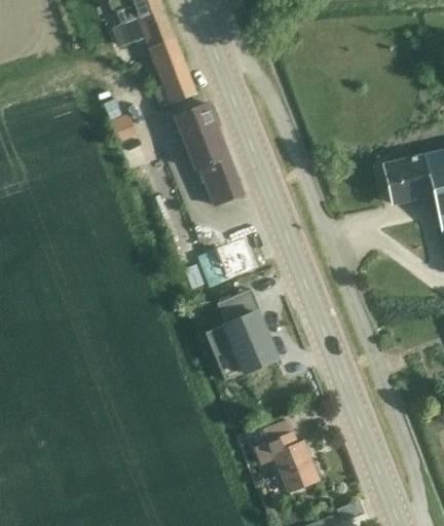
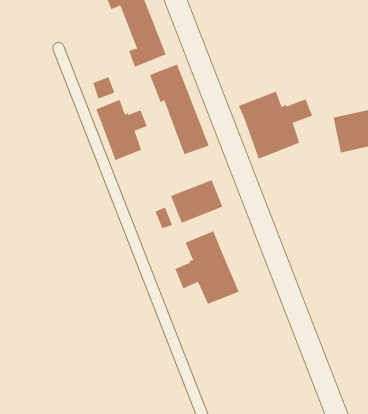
building: none -> [238,91,313,159]
building: none -> [95,99,148,161]
building: [254,420,317,492] -> none

